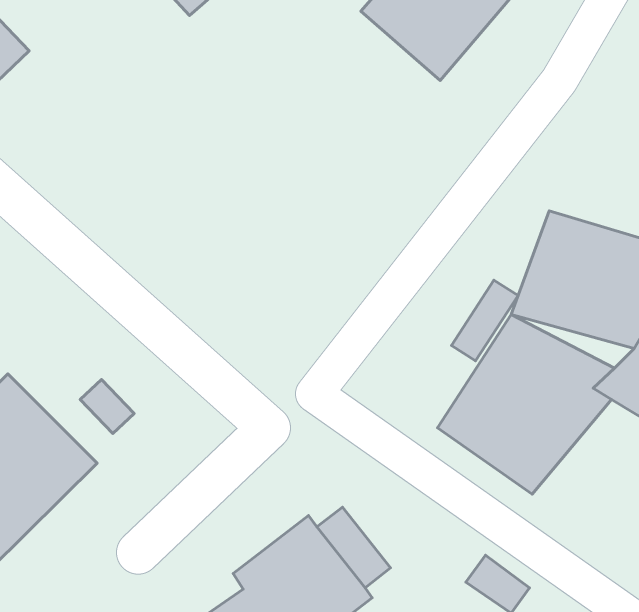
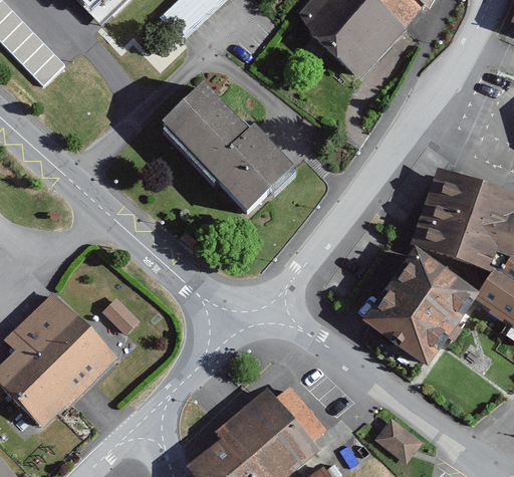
building: none -> [156,80,289,214]
building: [451,280,518,361] -> none

